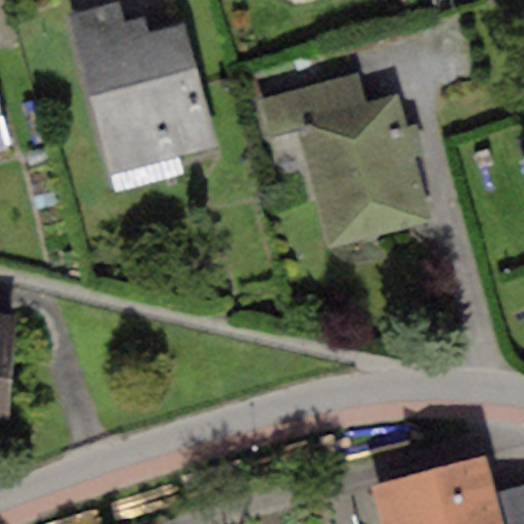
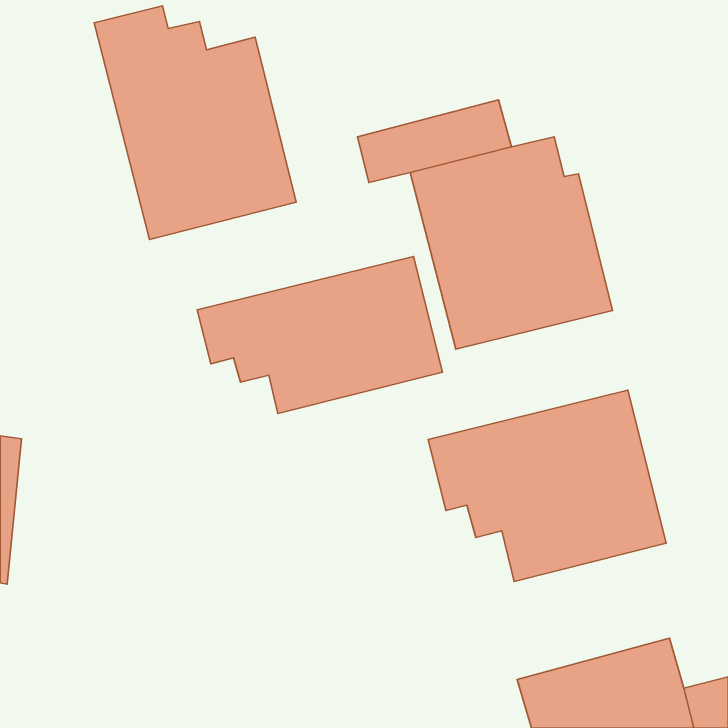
building: none -> [197,256,443,414]
building: none -> [428,390,666,581]

